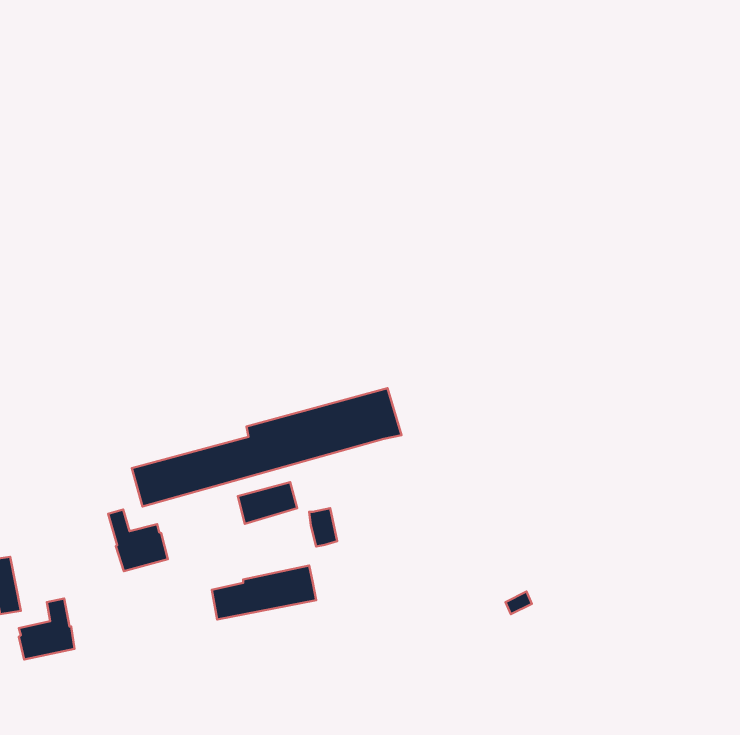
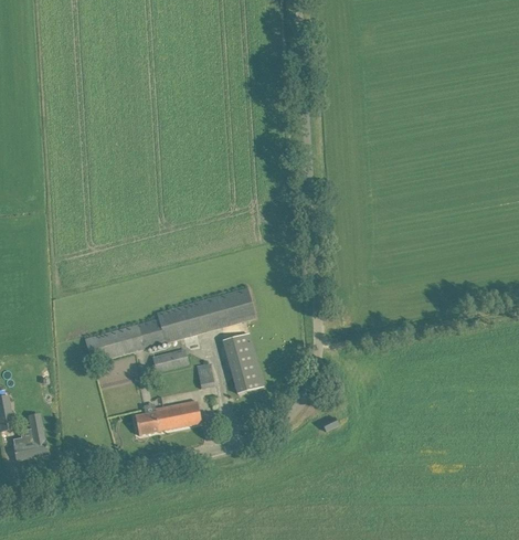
building: none -> [221,332,263,393]
building: [108,510,168,571] -> none

